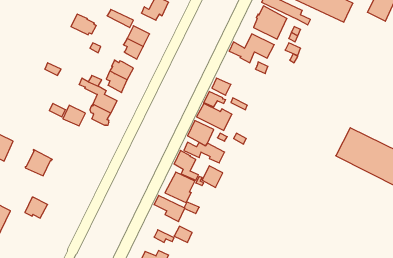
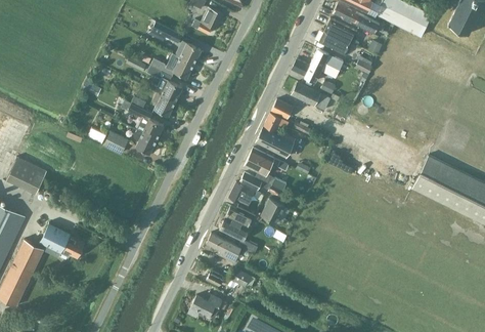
building: [71,14,96,35] -> [146,58,175,82]
building: none -> [291,82,330,111]
building: [25,150,52,176] -> [39,222,70,252]

